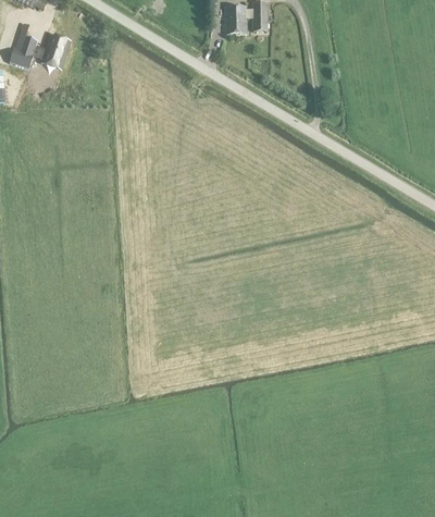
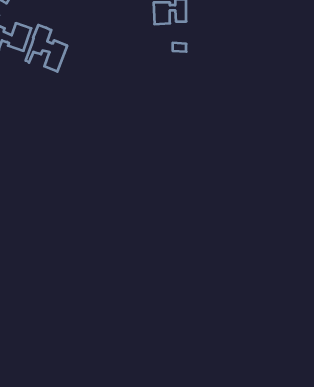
building: none -> [26,25,67,72]

